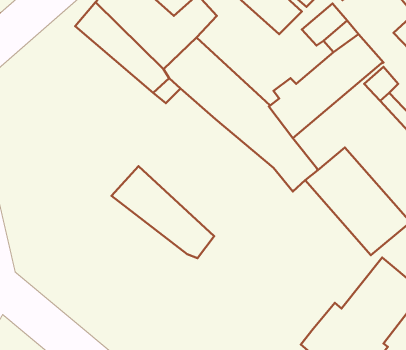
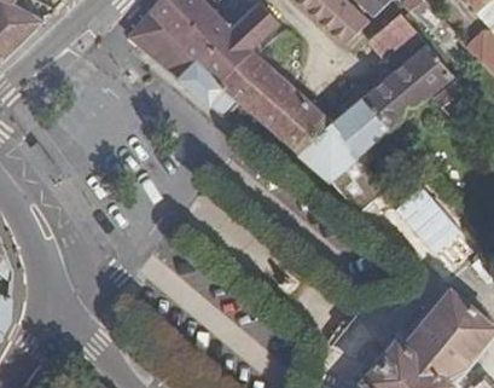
building: [111,166,214,258] -> none

